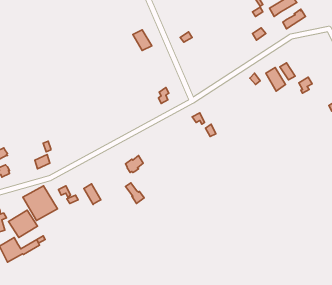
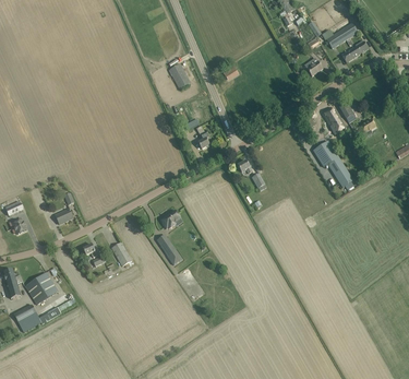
building: none -> [313,142,353,189]
building: [23,186,57,220] -> none

